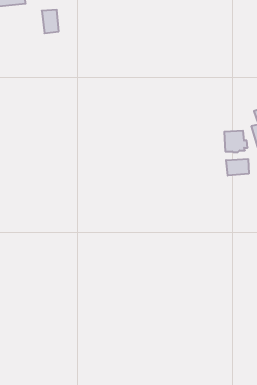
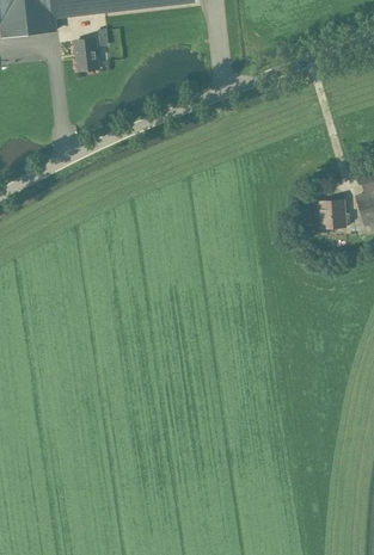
building: [226,159,249,176] -> none

